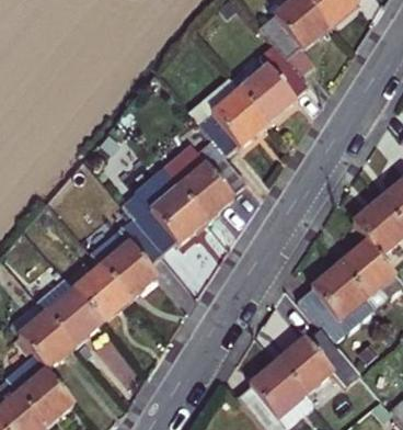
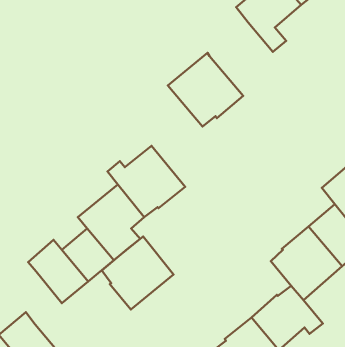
building: [232,44,309,123] -> none
building: [170,142,246,220] -> none
building: none -> [102,236,173,310]
building: [18,312,73,369] -> none

